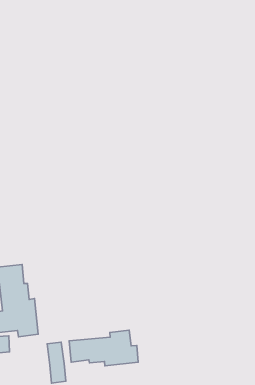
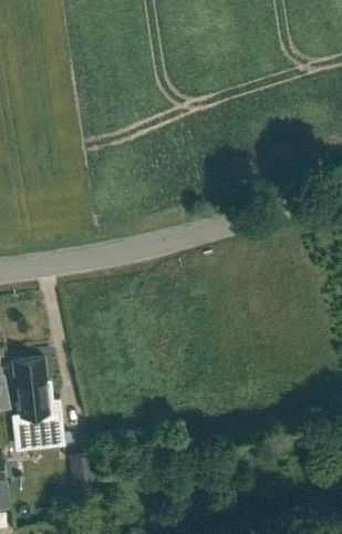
building: [69,330,138,366] -> none

